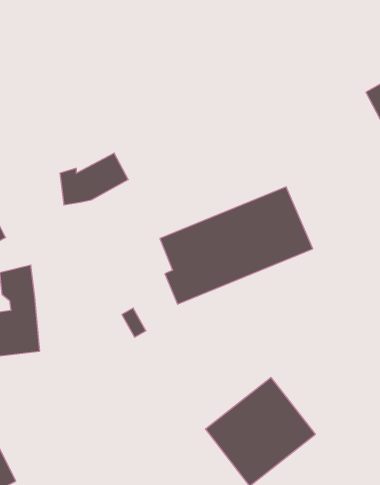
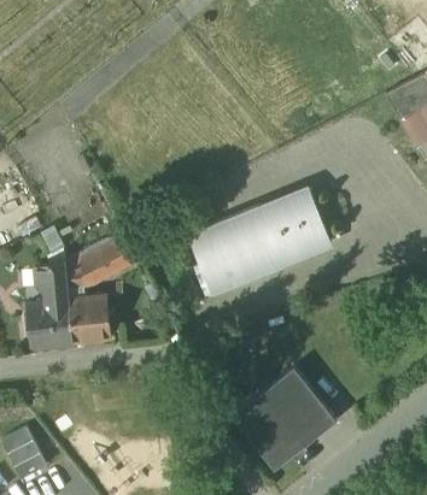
building: [60,153,128,205] -> [64,241,129,290]
building: none -> [69,297,111,342]

